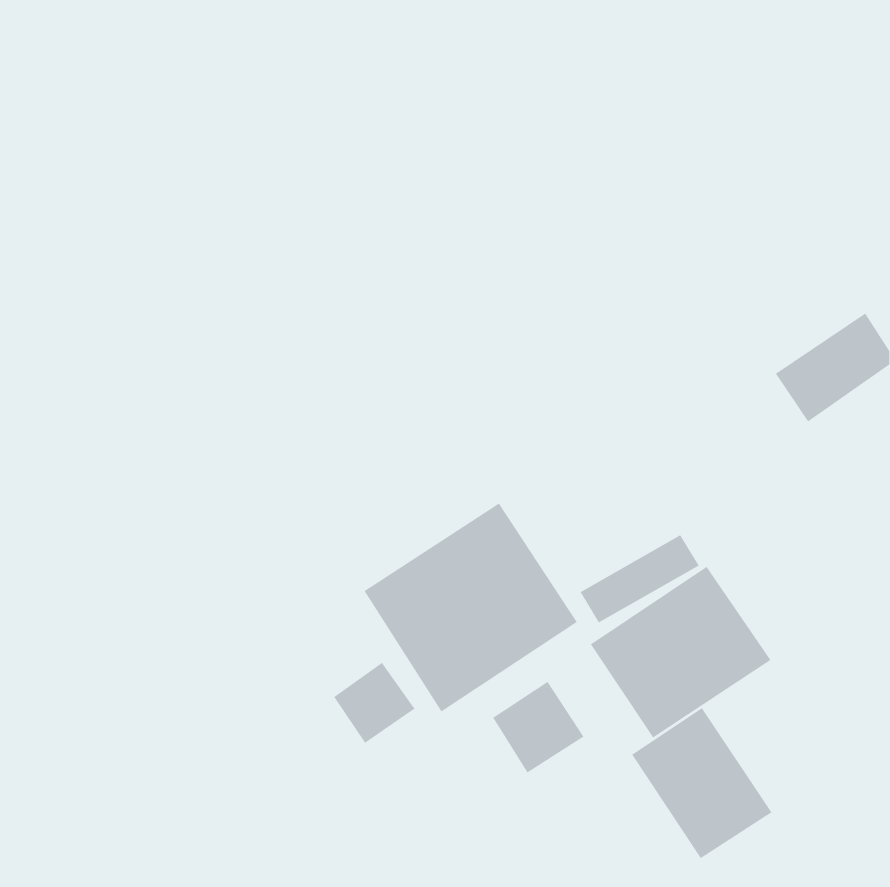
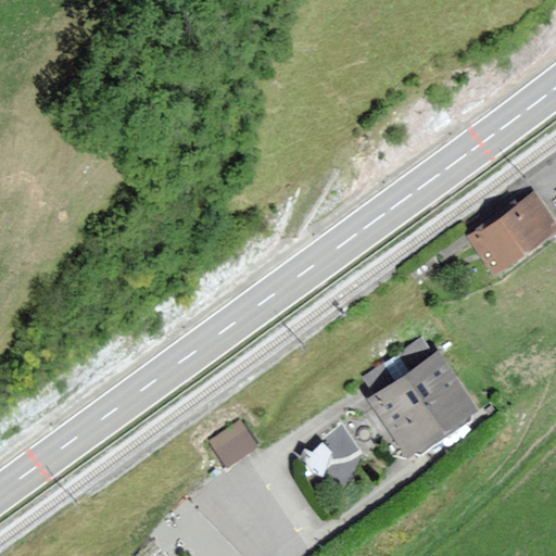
building: [363,502,578,713] -> none
building: [631,707,773,859] -> none

